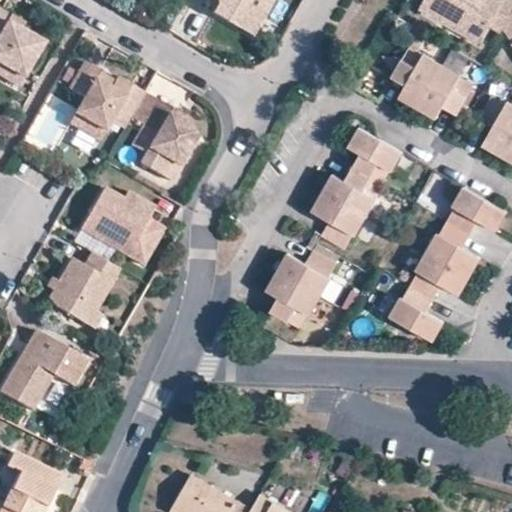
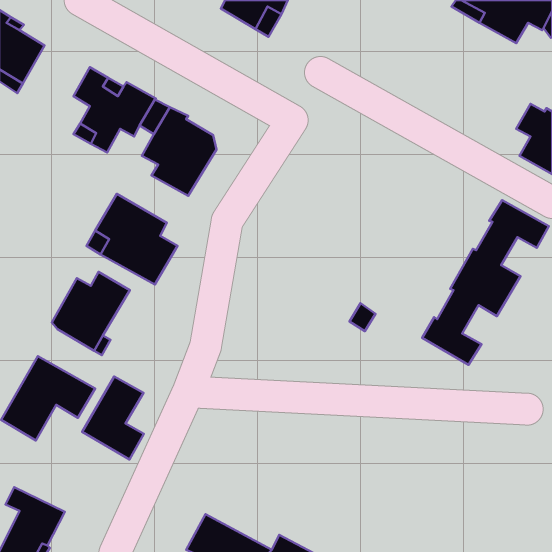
building: [393,49,472,119] -> none
building: [312,126,403,246] -> none
building: [261,251,331,329] -> none
building: none -> [82,376,144,459]

